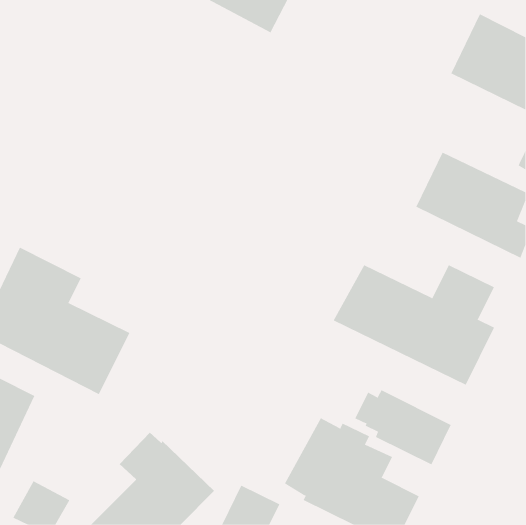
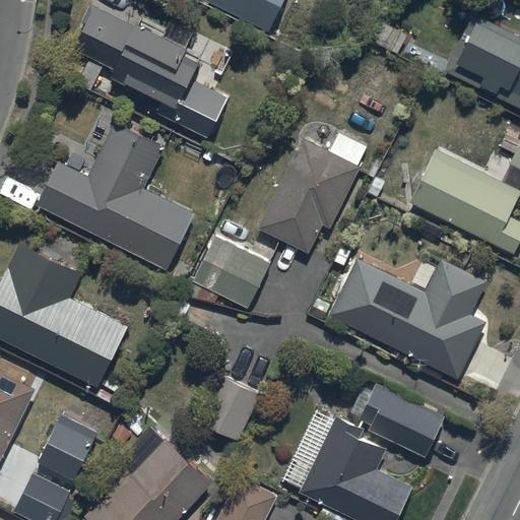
building: none -> [72,6,226,138]
building: none -> [38,121,194,270]
building: none -> [256,132,367,255]
building: none -> [190,236,269,309]
building: none -> [203,377,261,444]
building: none -> [36,414,98,481]

